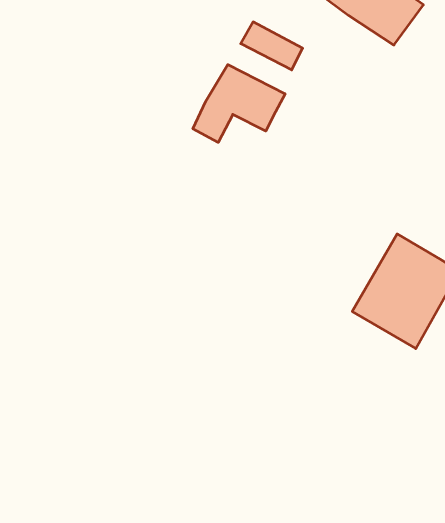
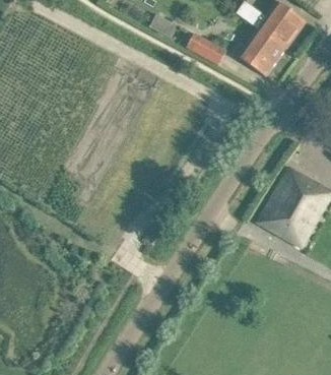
building: none -> [239,28,287,75]
building: [193,65,285,142] -> none

